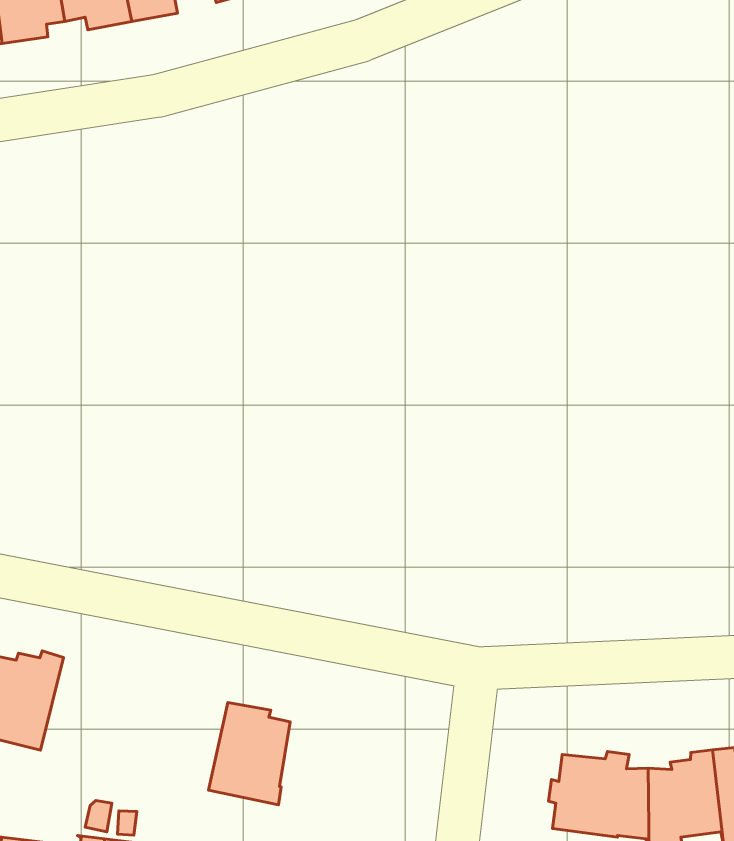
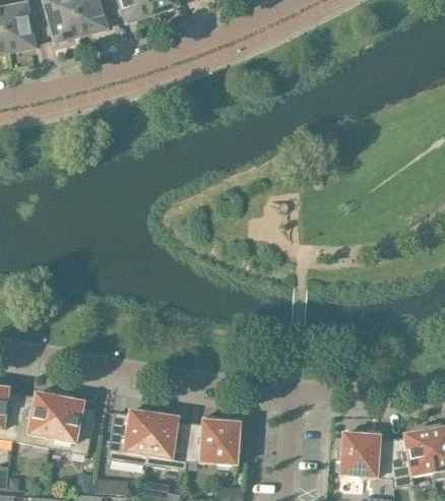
building: none -> [51,393,97,453]
building: none -> [109,410,154,463]
building: none -> [186,416,243,464]

